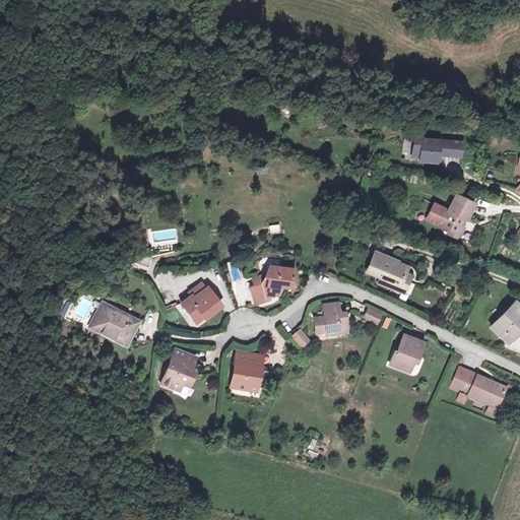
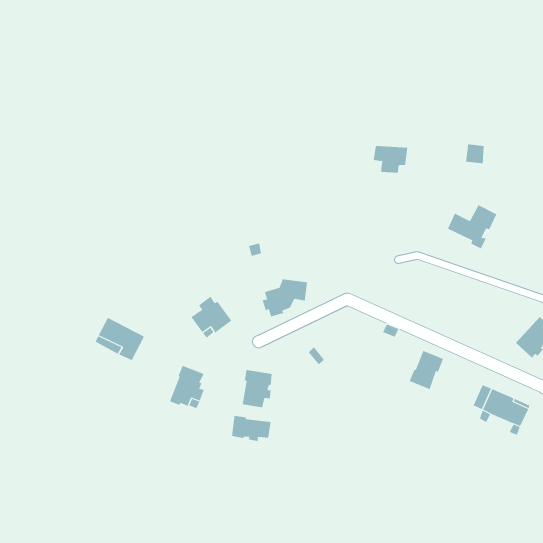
building: [413,135,447,161] -> [373,145,408,173]
building: [369,253,409,291] -> none
building: [316,303,349,334] -> none
building: none -> [231,415,271,442]

